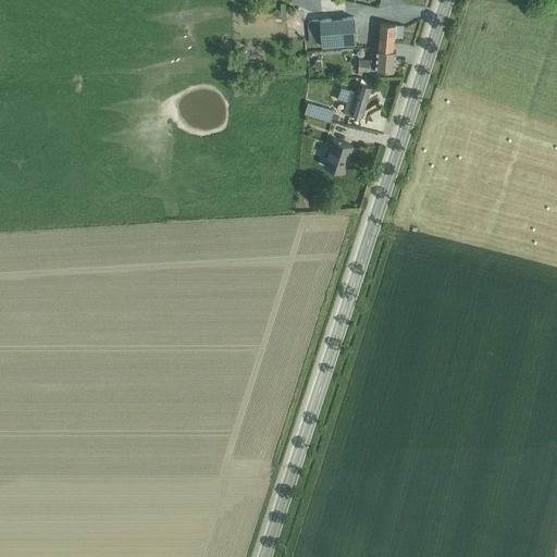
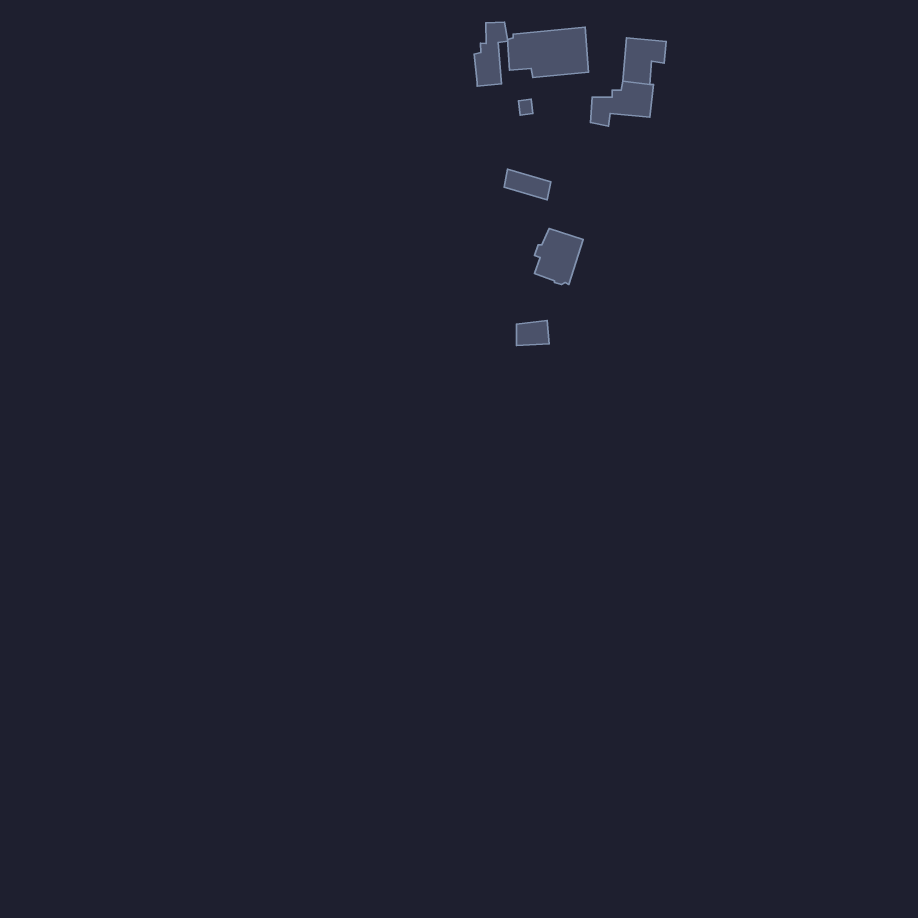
building: none -> [474,22,508,86]
building: [336,84,371,120] -> none

